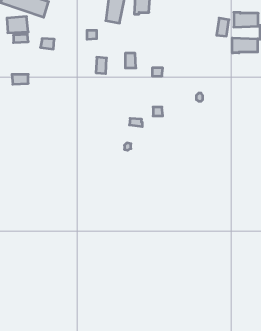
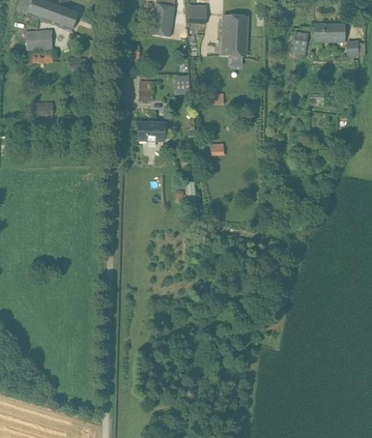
building: none -> [220,13,248,55]
building: [232,38,258,53] -> none
building: none -> [138,121,165,141]

